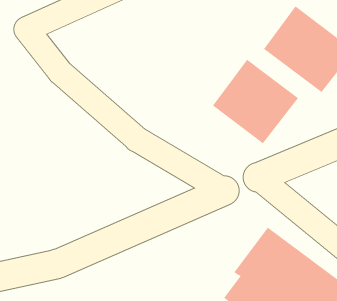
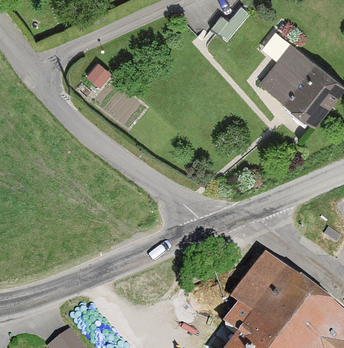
building: [212,59,299,144] -> none

